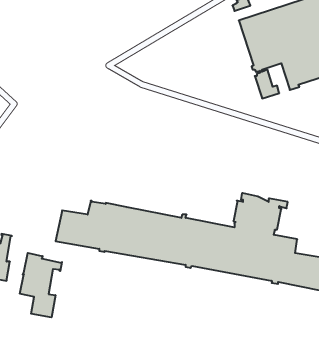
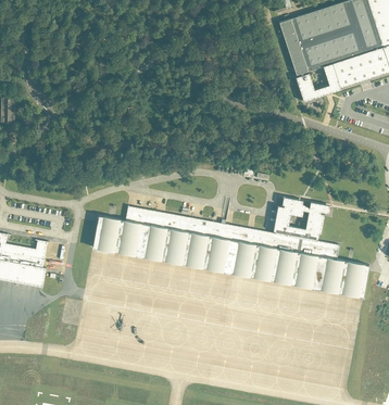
building: [20,253,62,317] -> none

